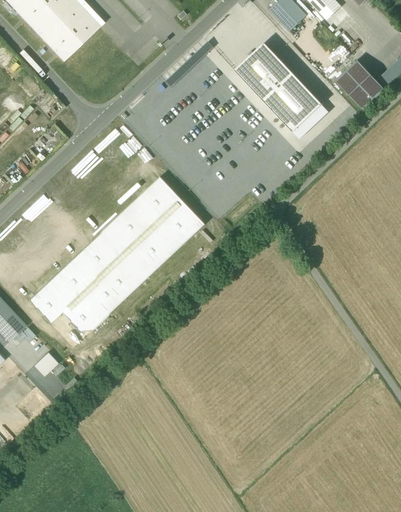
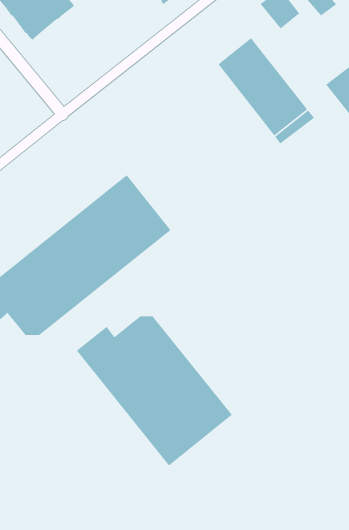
building: none -> [76,316,233,466]

